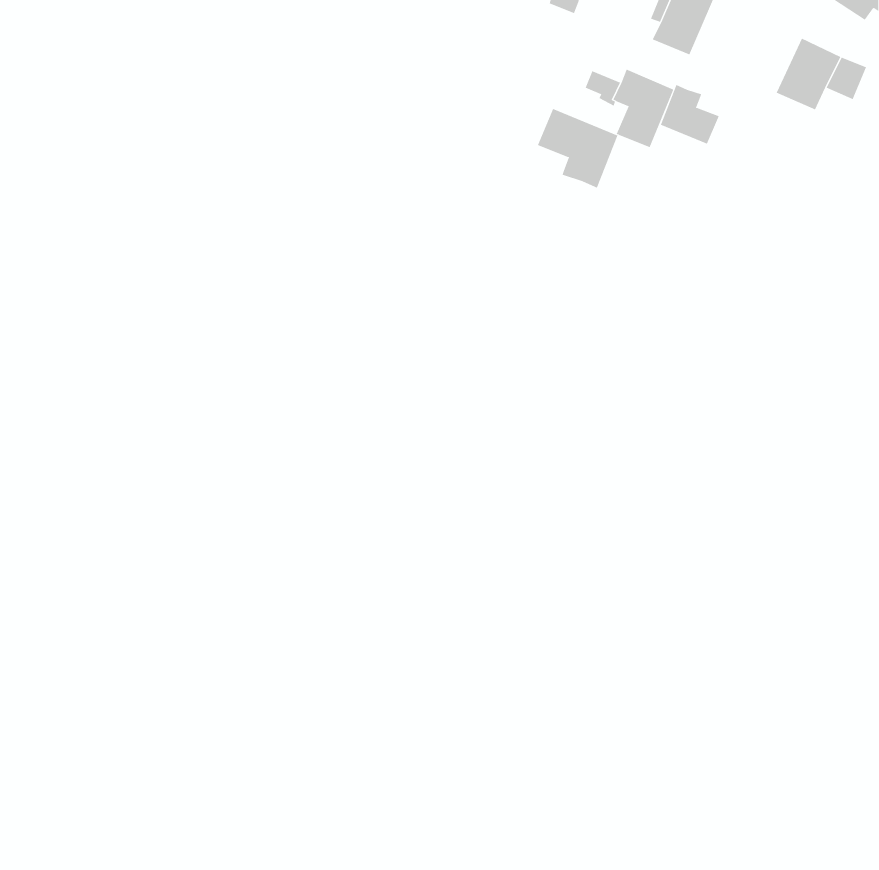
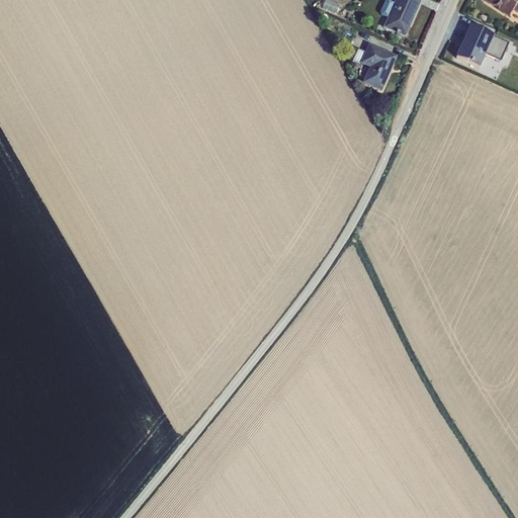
building: [660,84,719,144] -> none
building: [537,108,618,189] -> none

